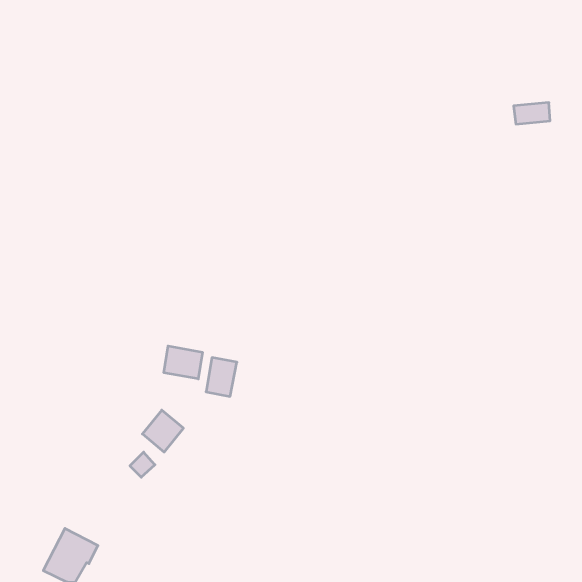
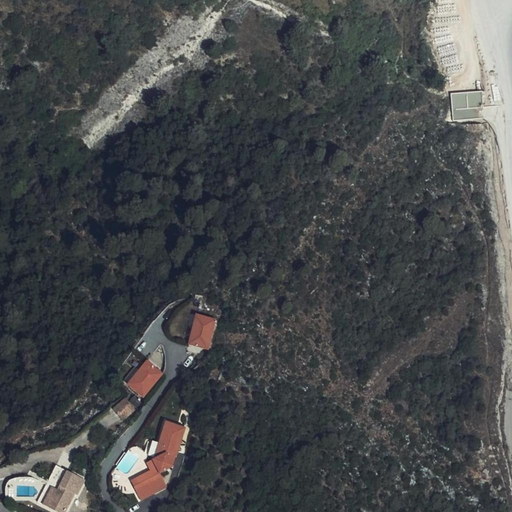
building: [164,346,202,379] -> none
building: none -> [132,422,187,499]

